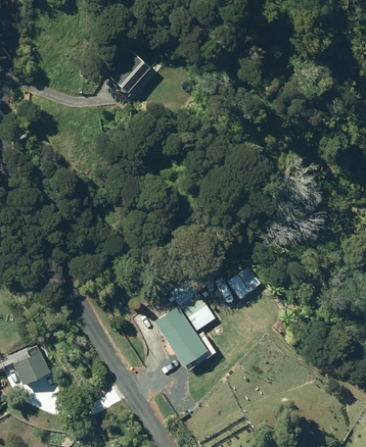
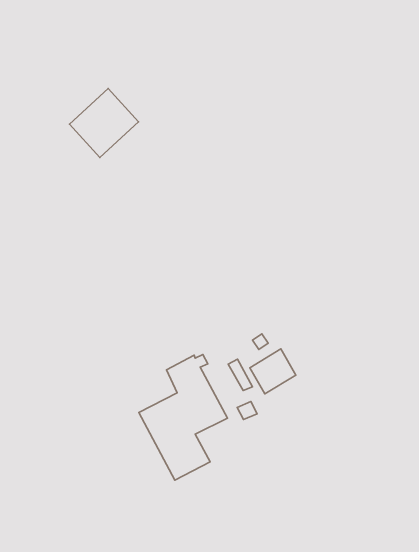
building: [105,48,153,97] -> [70,88,138,158]

